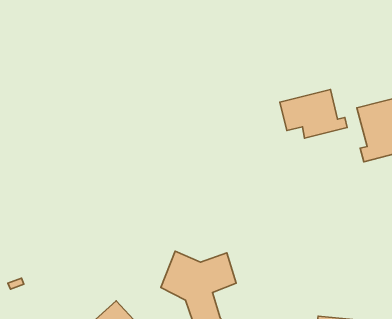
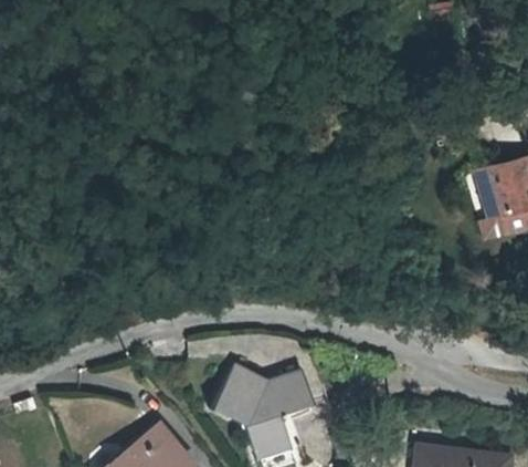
building: [280,90,347,138] -> none

